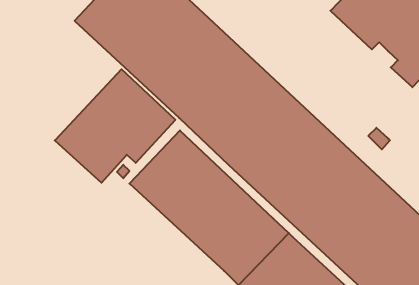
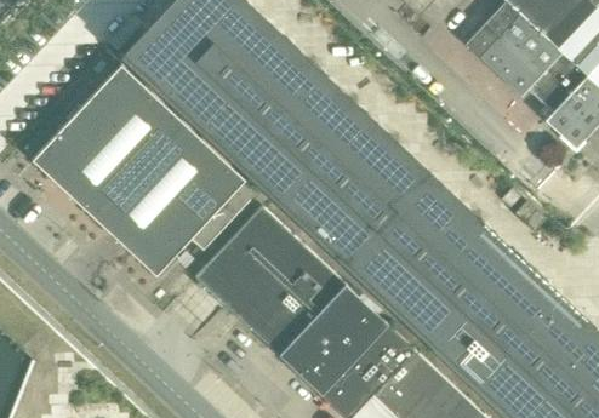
building: none -> [32,64,183,218]

